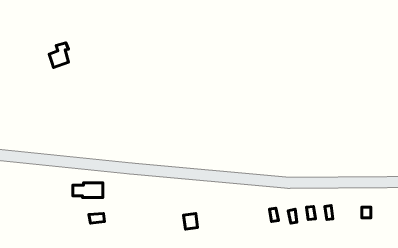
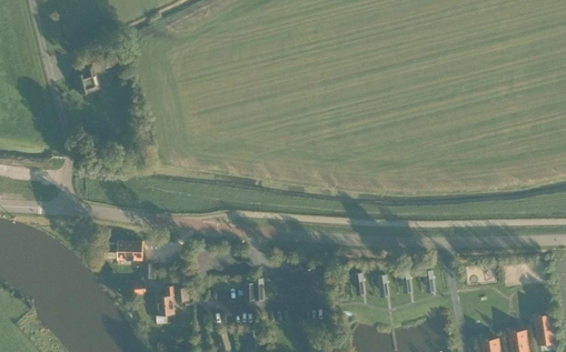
building: none -> [158,285,190,315]

